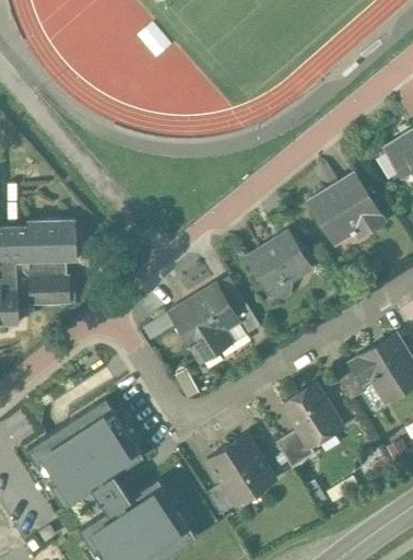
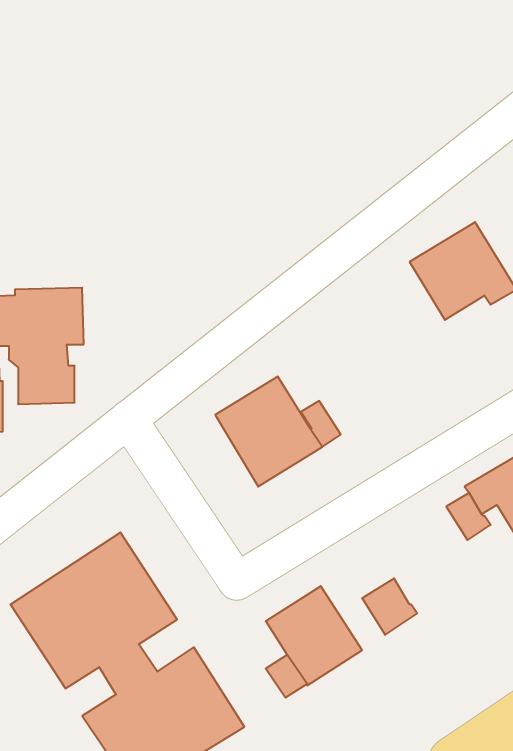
building: [249,233,310,292] -> none
building: [283,384,342,446] -> none

